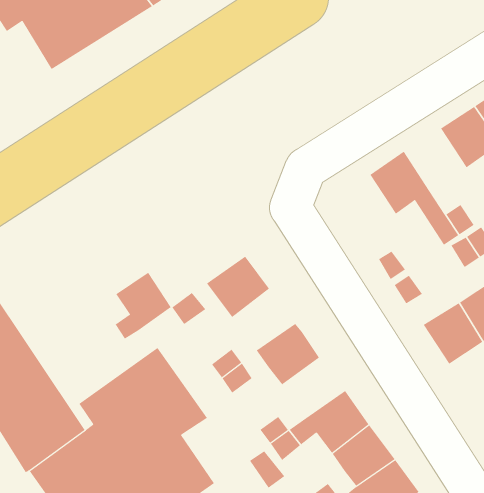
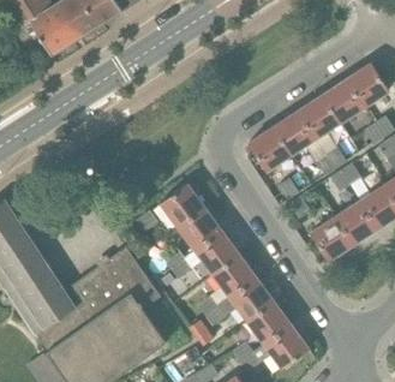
building: none -> [298,95,341,138]
building: none -> [249,127,292,171]
building: [115,272,172,339] -> none
building: none -> [178,207,222,250]
building: none -> [213,255,257,297]

